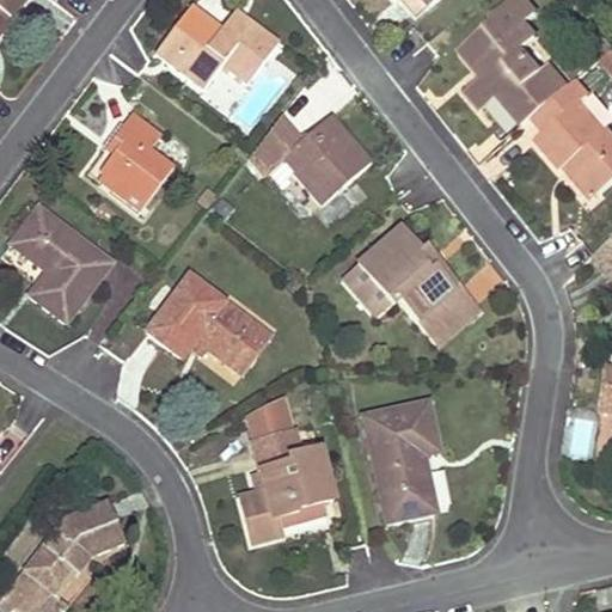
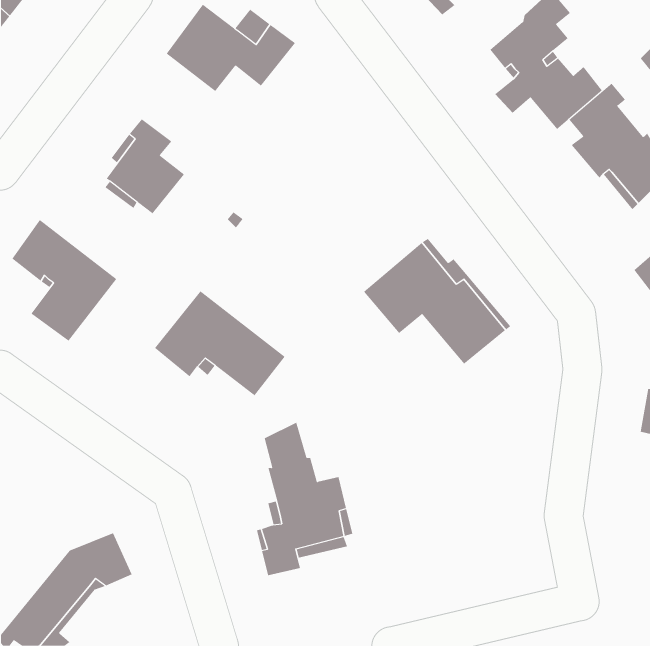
building: [250,114,371,224] -> none
building: [362,400,437,520] -> none

